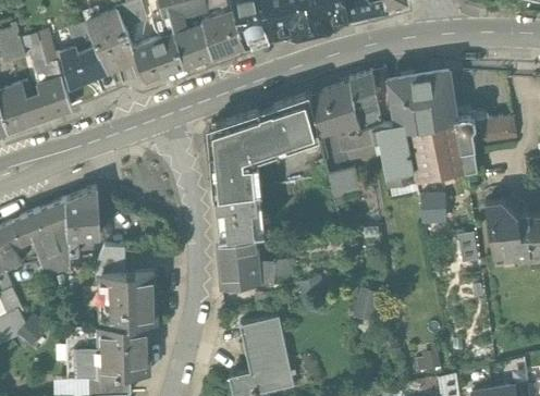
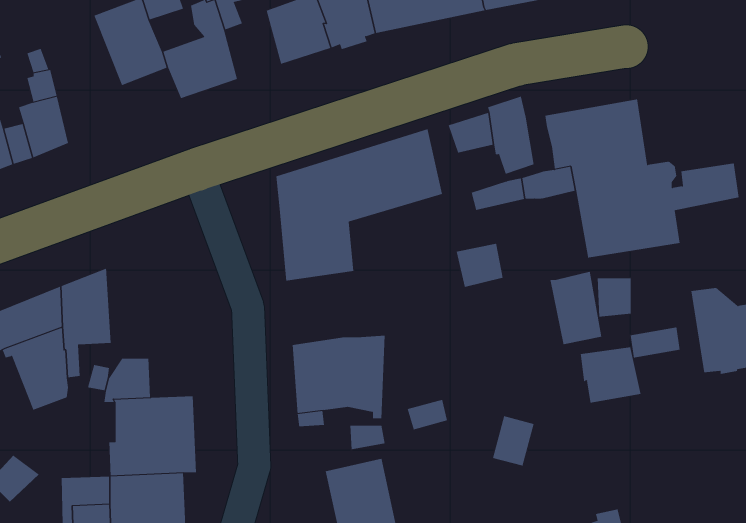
building: [174,17,211,65] -> none
building: [60,23,106,86] -> none
building: [329,109,361,140] -> none
building: [380,139,415,188] -> [550,271,602,345]
building: [214,193,265,242] -> none
building: none -> [580,347,641,403]

